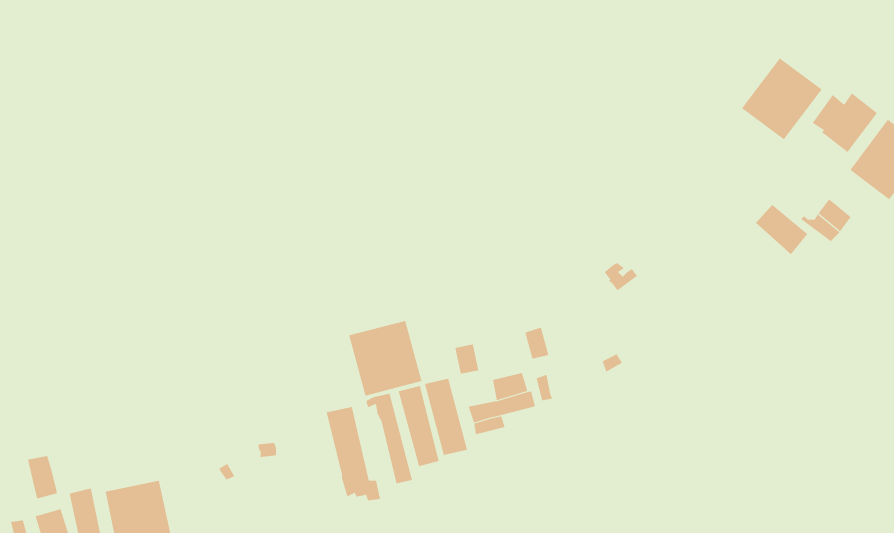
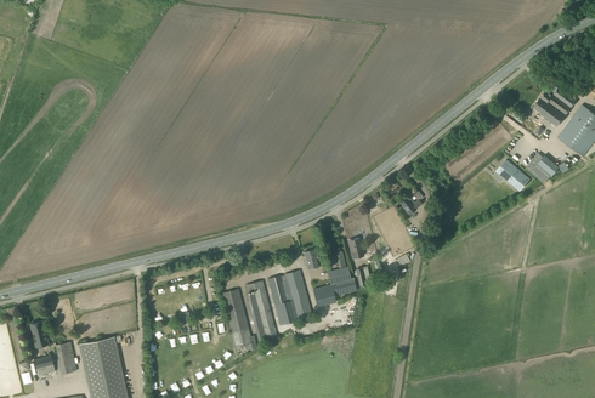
building: [741,57,823,140] -> none
building: [348,320,422,396] -> none

